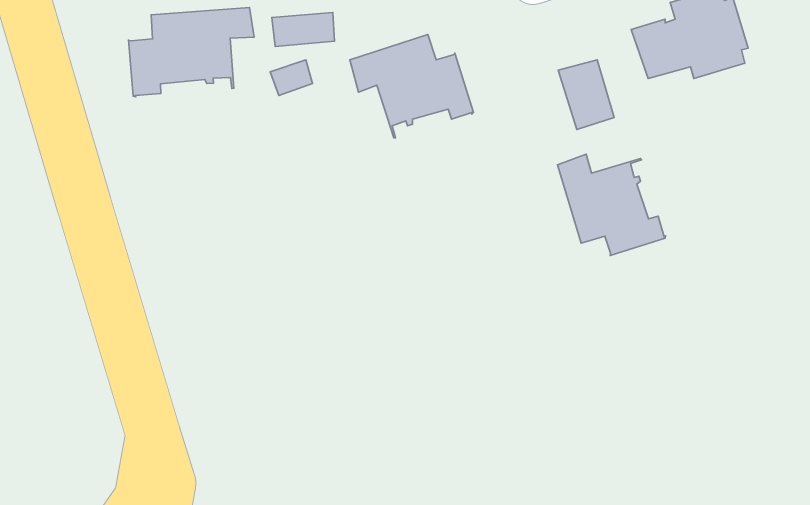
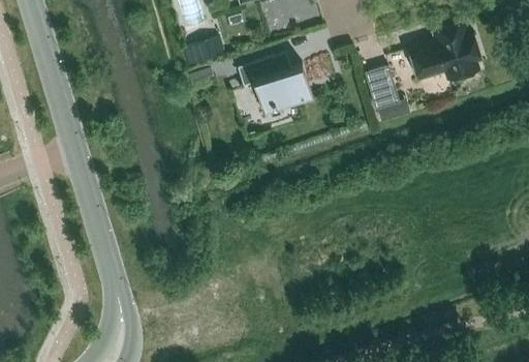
building: [129,7,254,97] -> none
building: [557,154,666,255] -> none

